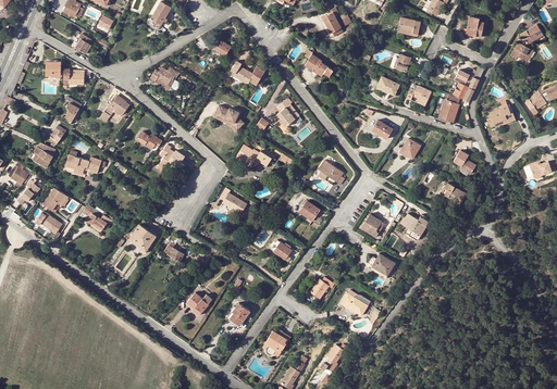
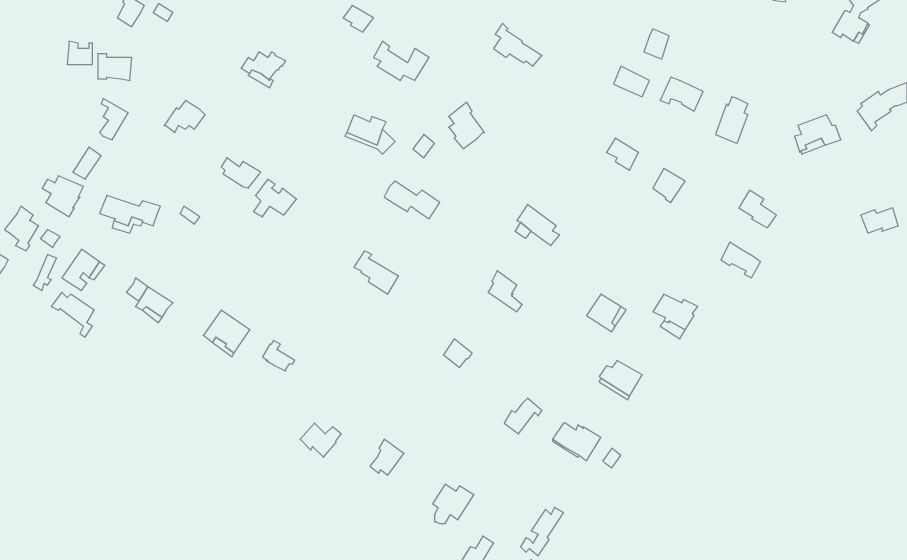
building: [453,66,483,101] -> none

